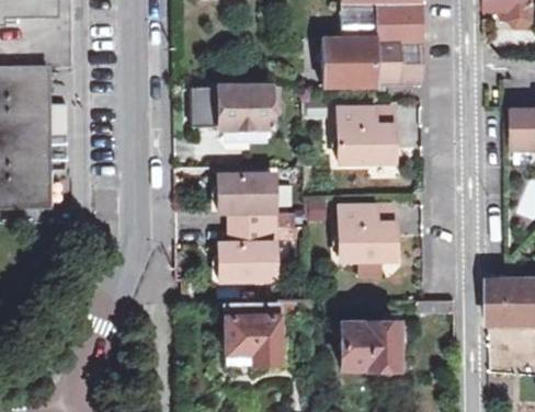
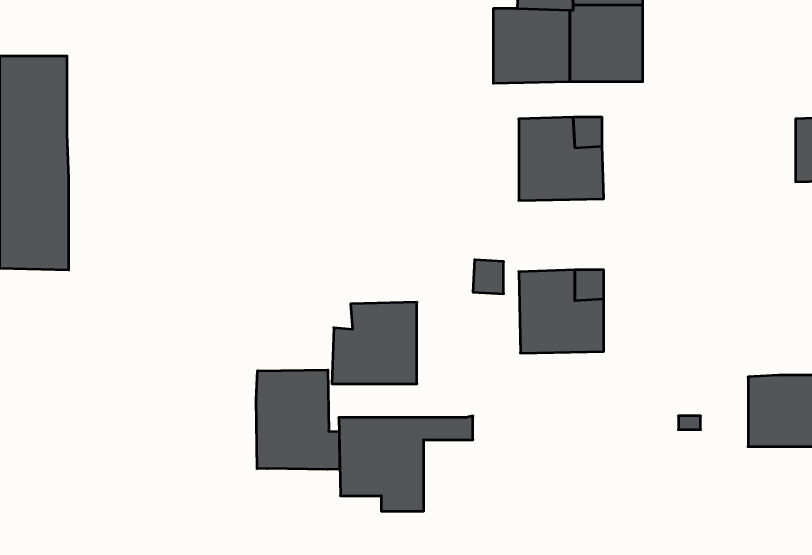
building: [192,85,280,129] -> none
building: [218,175,273,229] -> none
building: none -> [256,370,340,469]
building: [338,323,396,377] -> none

